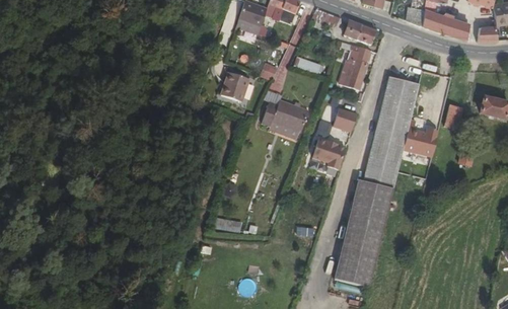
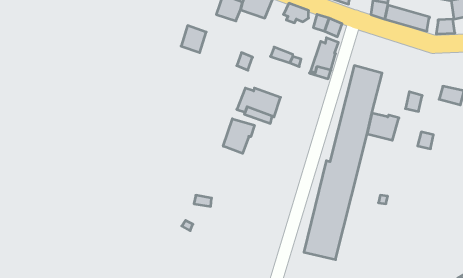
building: [221,72,248,101] -> [181,26,206,53]
building: [335,108,358,133] -> none
building: none -> [223,119,254,153]
building: [314,141,348,171] -> none

